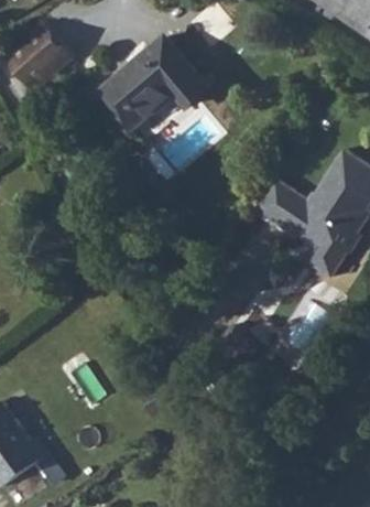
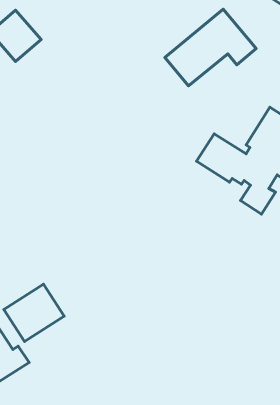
building: [96,42,206,134] -> [165,9,256,86]
building: none -> [4,284,64,341]

